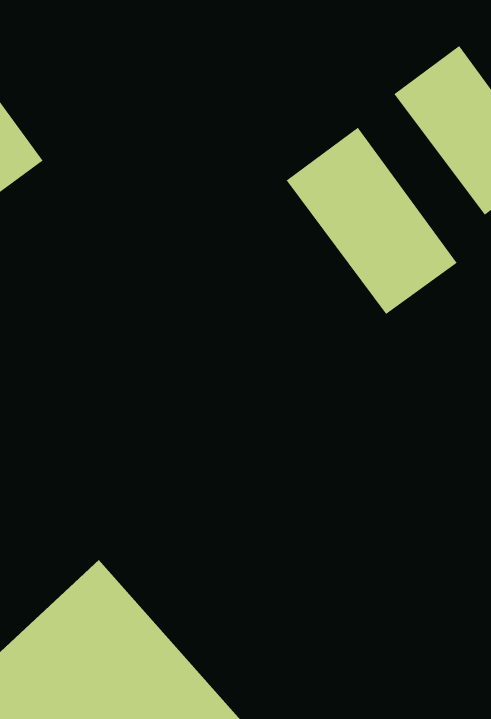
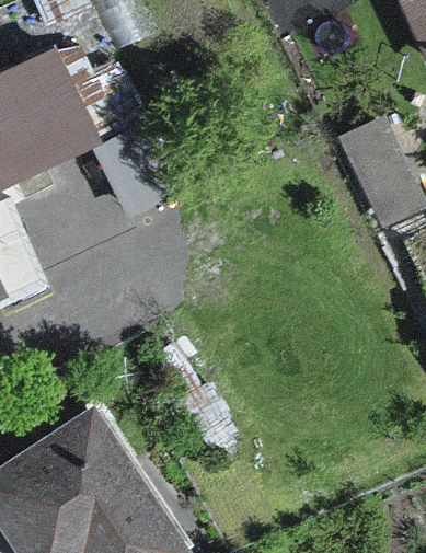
building: [286,127,457,315] -> none

